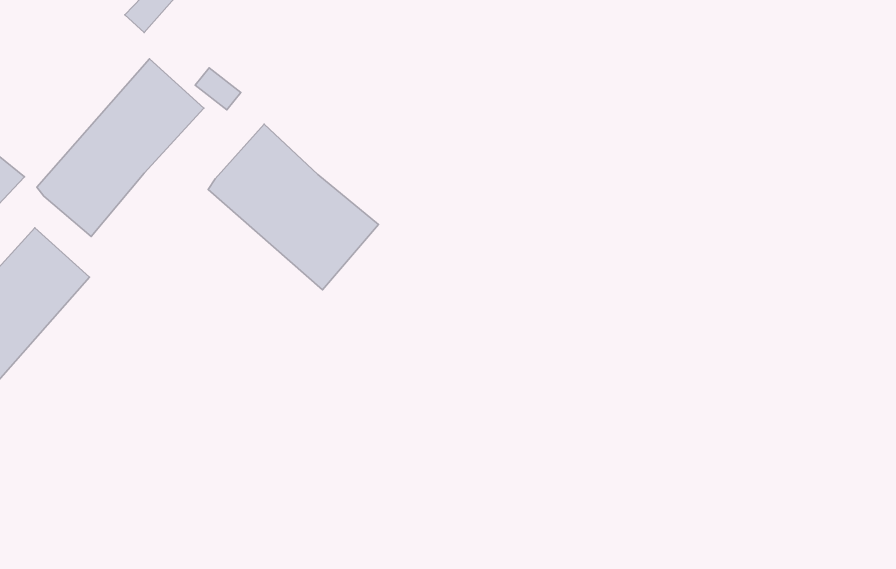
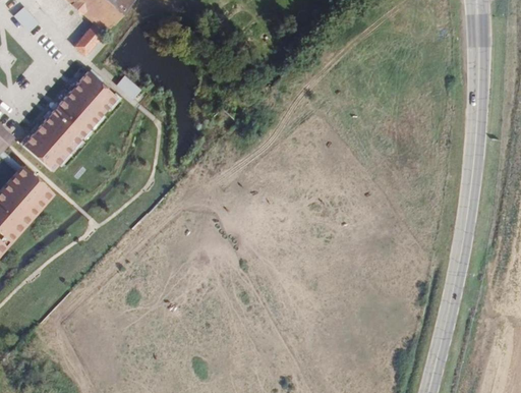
building: [208,124,379,290] -> none

